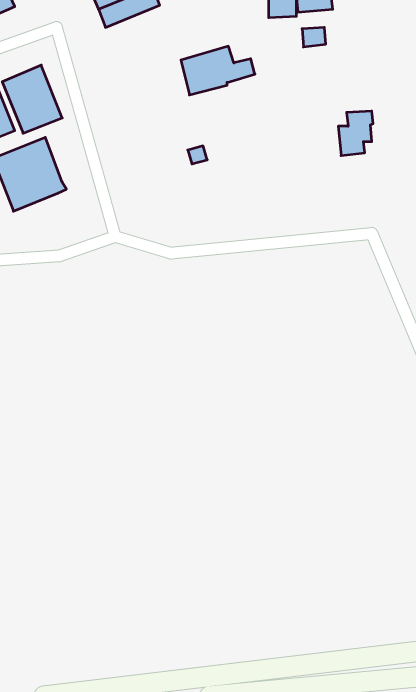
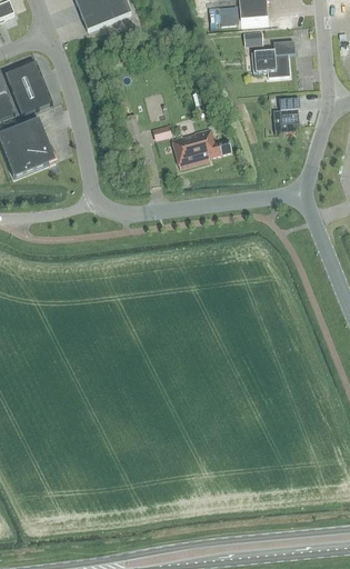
building: none -> [251,39,294,74]
building: [181,46,255,95] -> [172,127,231,166]

